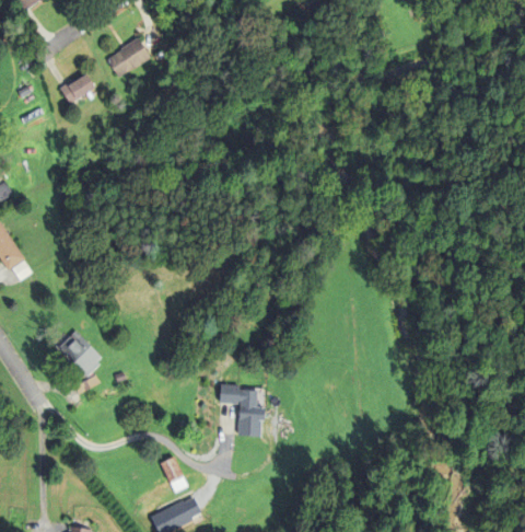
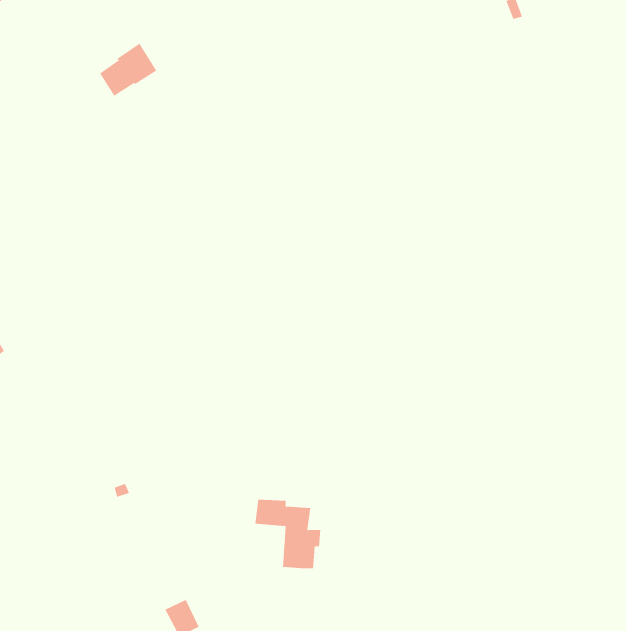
building: [56,77,91,106] -> none
building: [59,329,102,375] -> none

